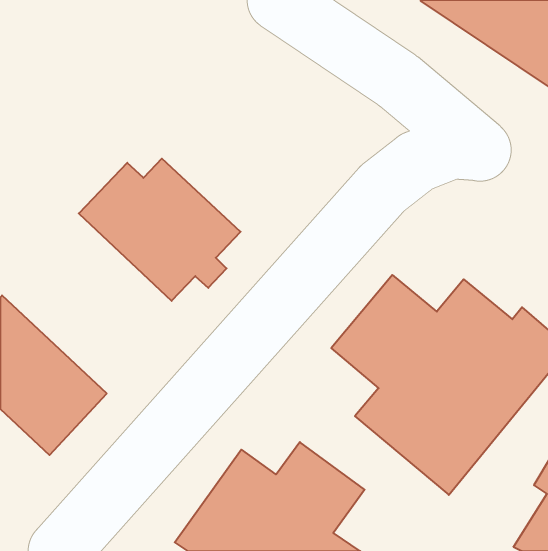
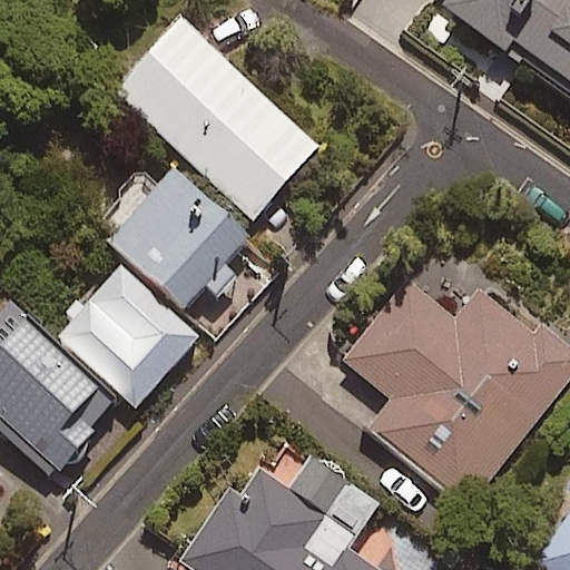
building: none -> [114,16,317,216]
building: none -> [55,265,198,407]

